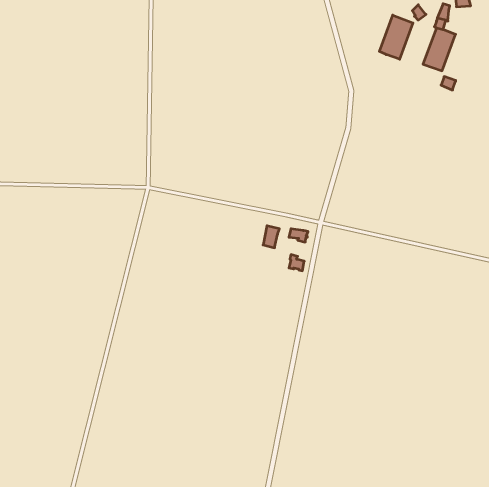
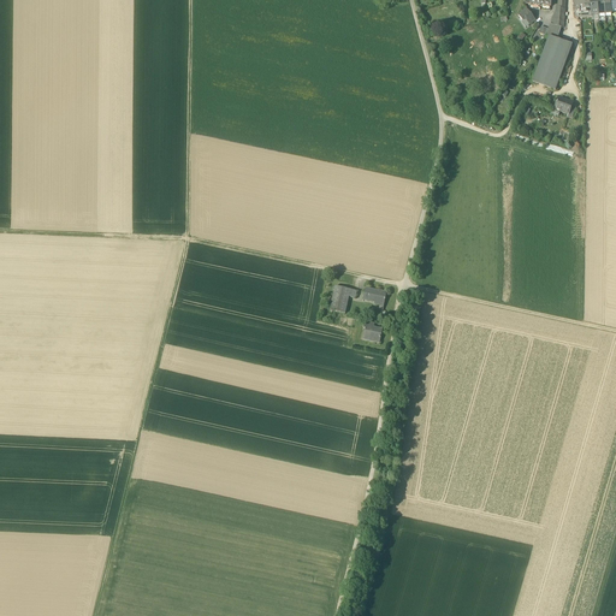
building: [379,15,413,59] -> none

